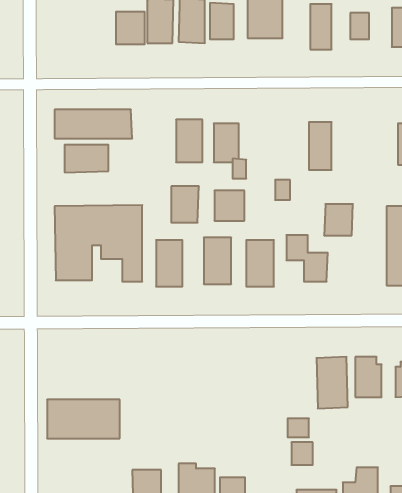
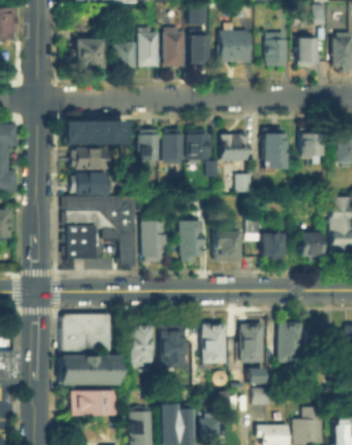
building: none -> [68,38,102,69]
building: none -> [305,135,325,157]
building: none -> [70,171,107,195]
building: [171,186,199,223] -> [137,129,159,158]
building: [214,191,244,221] -> [225,137,250,161]
building: [324,204,353,235] -> [301,233,325,258]
building: none -> [59,312,123,351]
building: none -> [237,320,262,360]
building: none -> [198,321,224,363]
building: none -> [130,322,152,361]
building: none -> [157,322,183,365]
building: none -> [69,389,116,415]

